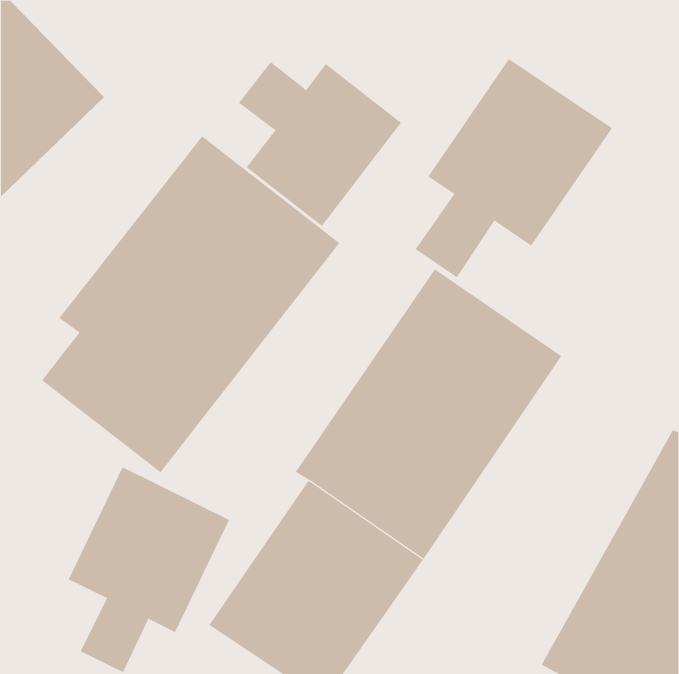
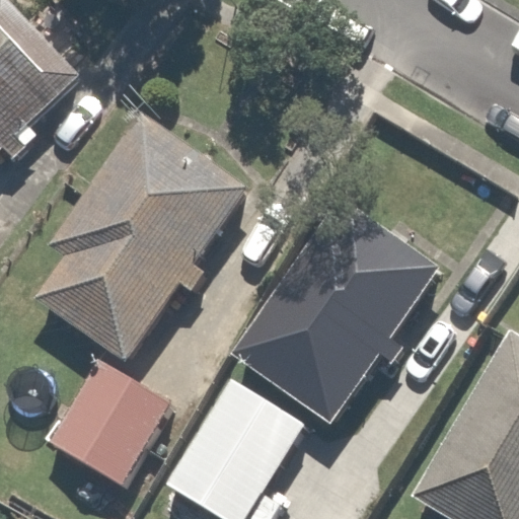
building: [415,58,613,278] -> none
building: [238,61,402,227] -> none

